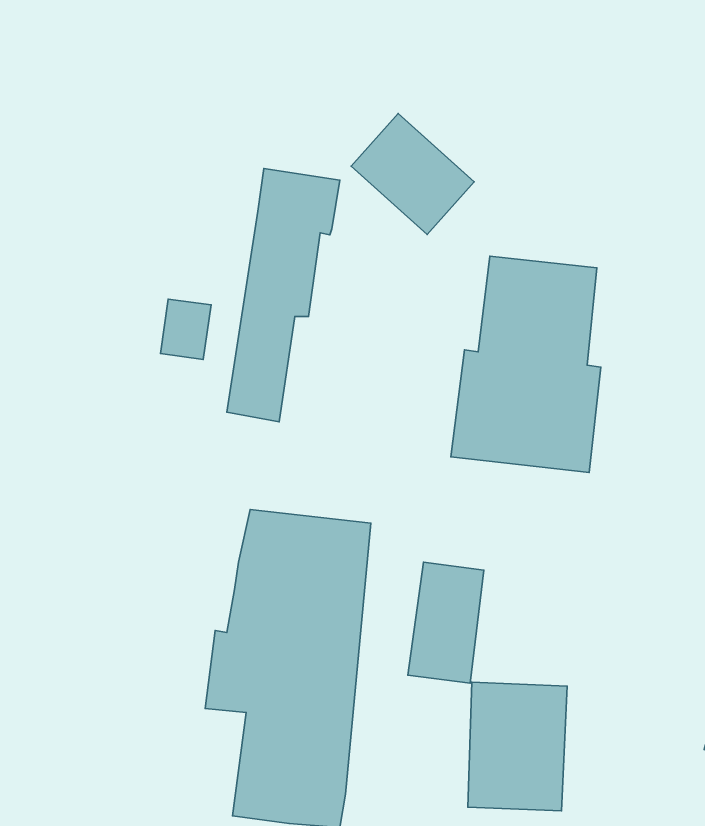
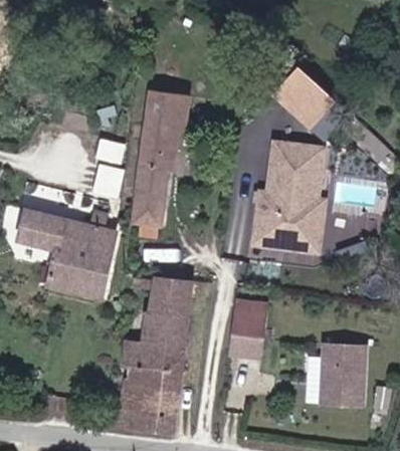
building: [351,114,474,234] -> [270,68,334,131]
building: none -> [23,207,120,293]
building: [468,682,567,811] -> [315,345,366,411]

